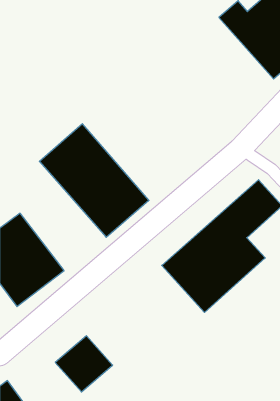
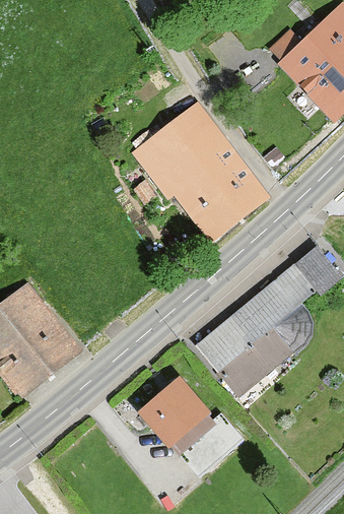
building: [39,124,149,237] -> [133,107,265,244]
building: [55,336,113,392] -> [138,375,207,443]

